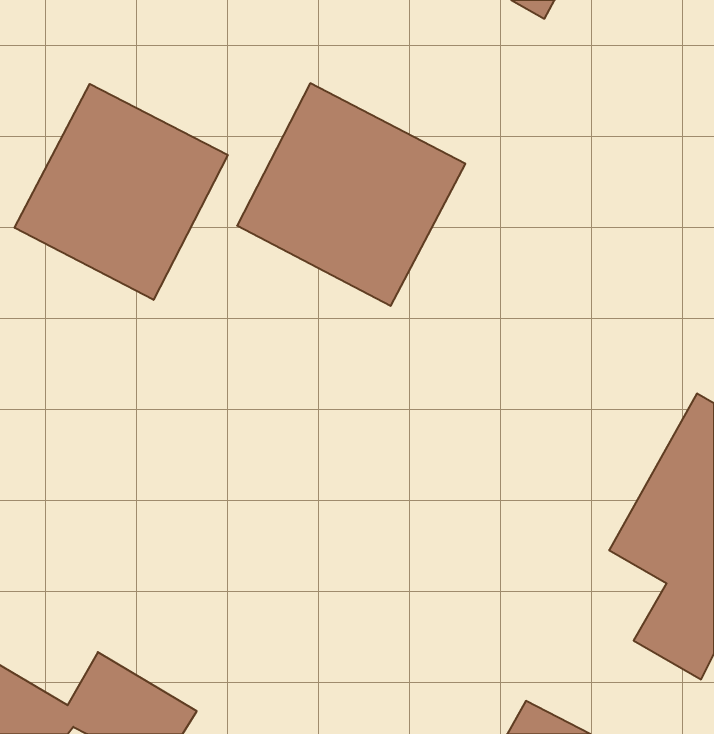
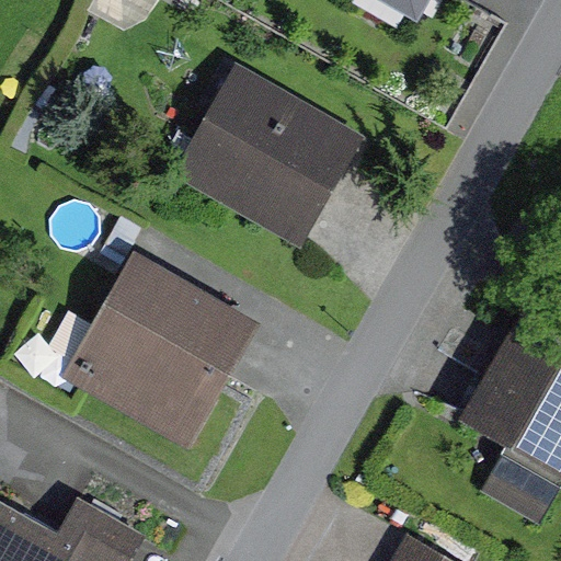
building: [15,84,228,300] -> none
building: none -> [64,253,259,449]

